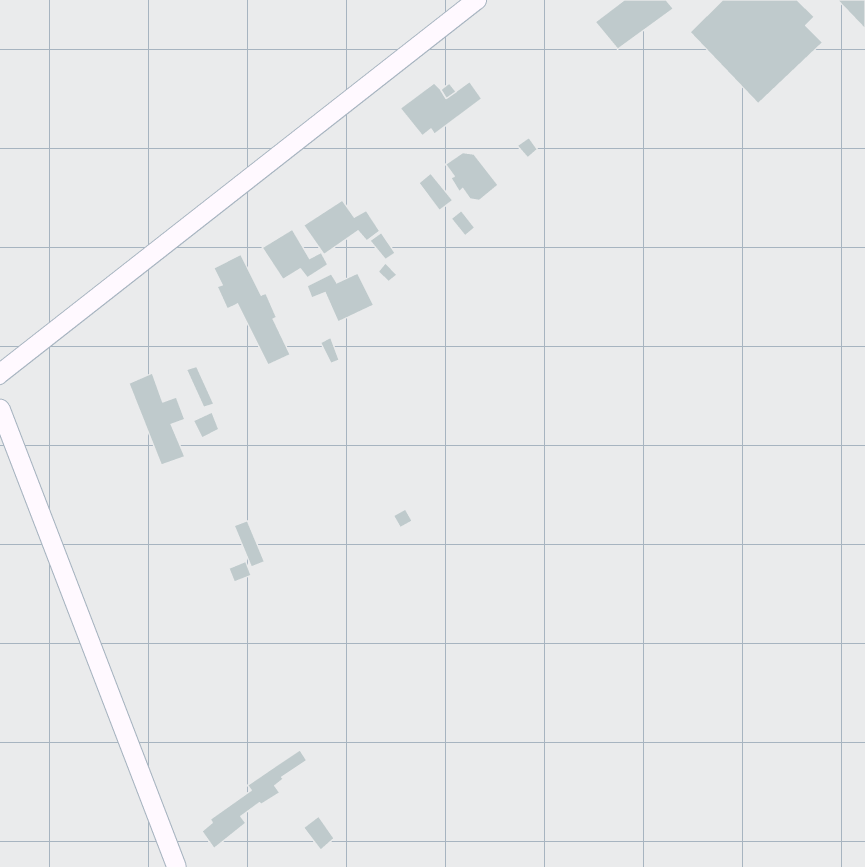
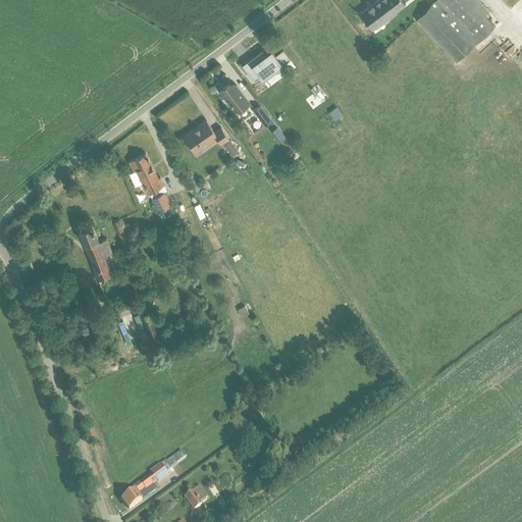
building: [446,153,498,200] -> [218,84,250,112]
building: [262,229,328,280] -> none
building: [307,273,373,322] -> none

